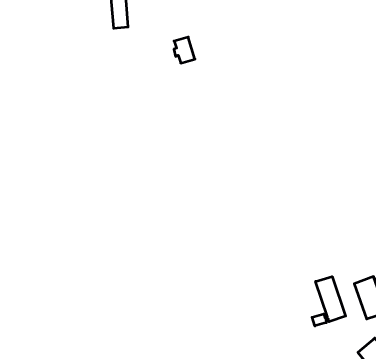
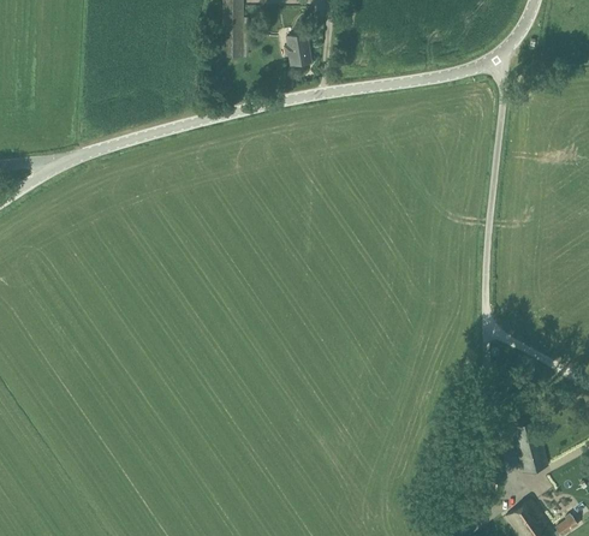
building: [174,37,195,63] -> [285,32,311,66]
building: [312,277,346,326] -> none

